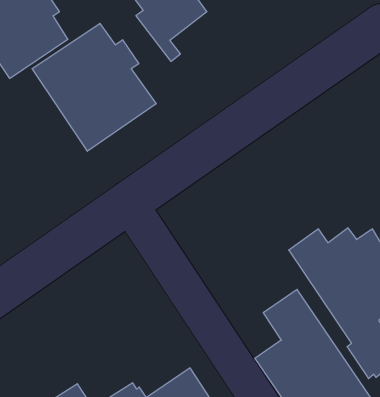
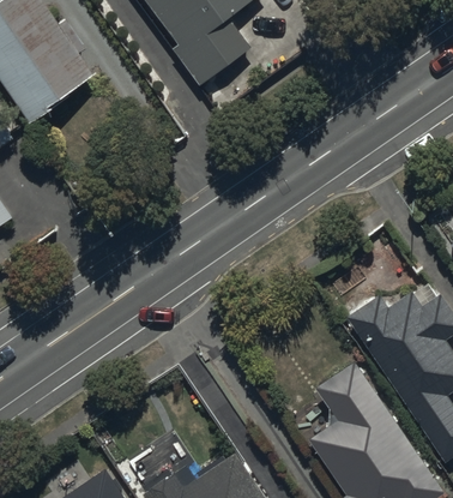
building: [32,23,156,151] -> none

